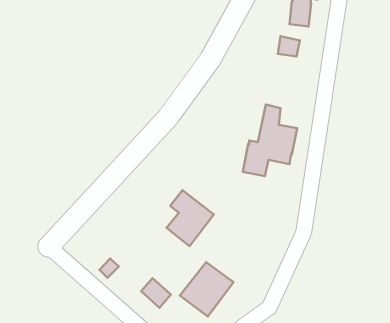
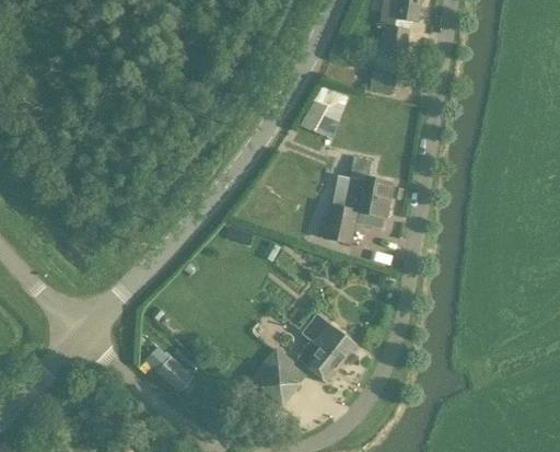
building: none -> [300,97,330,134]
building: [167,190,214,246] -> [296,311,355,381]
building: [141,278,171,308] -> [155,354,192,391]

